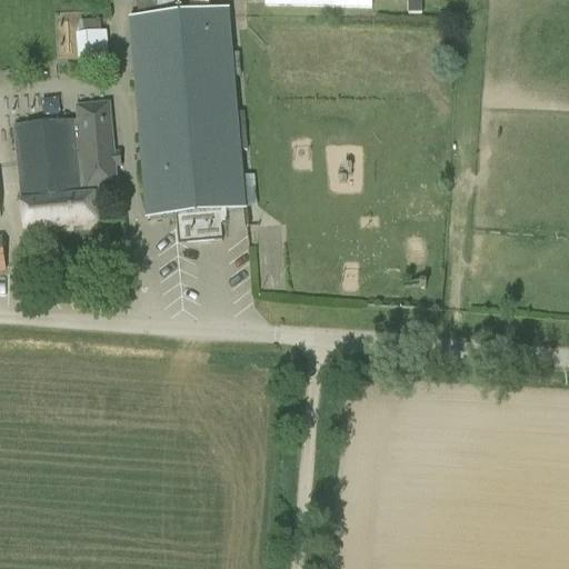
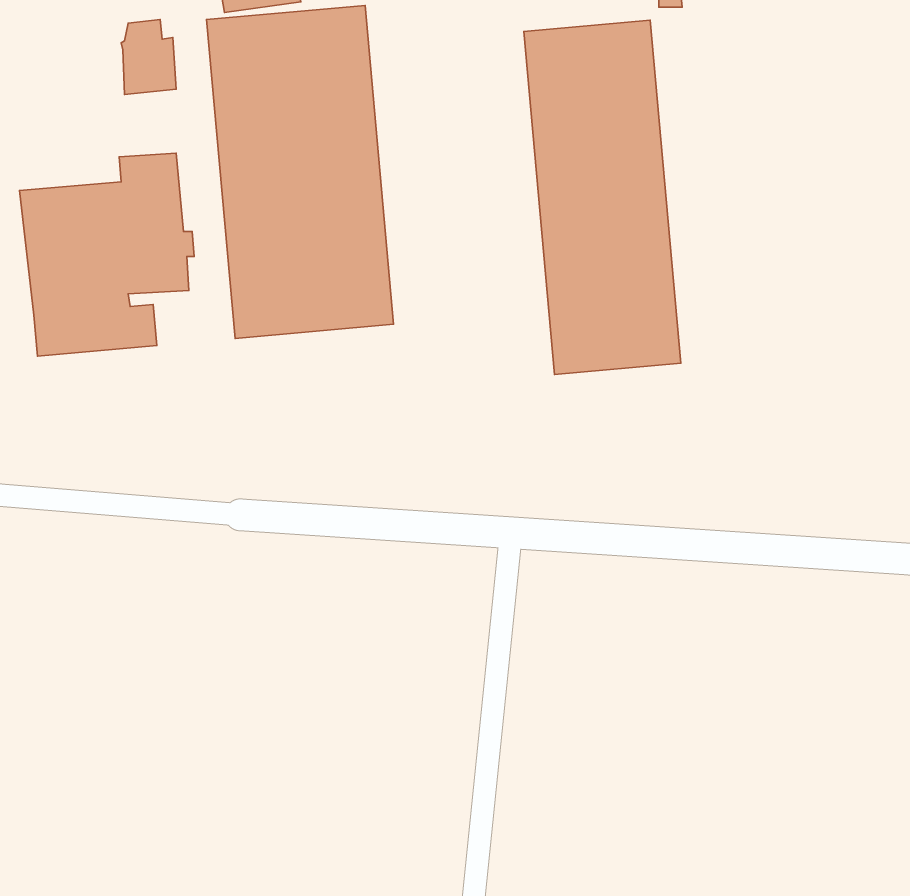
building: none -> [524,20,681,374]

